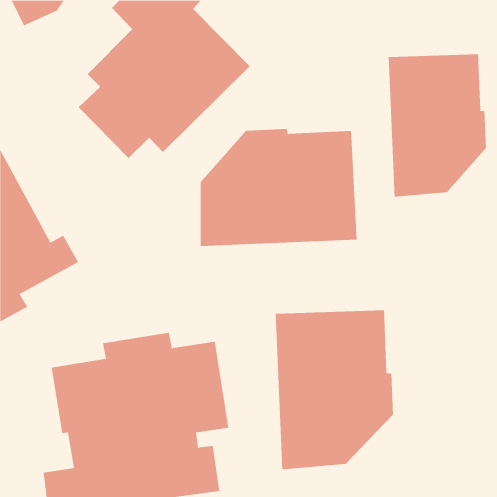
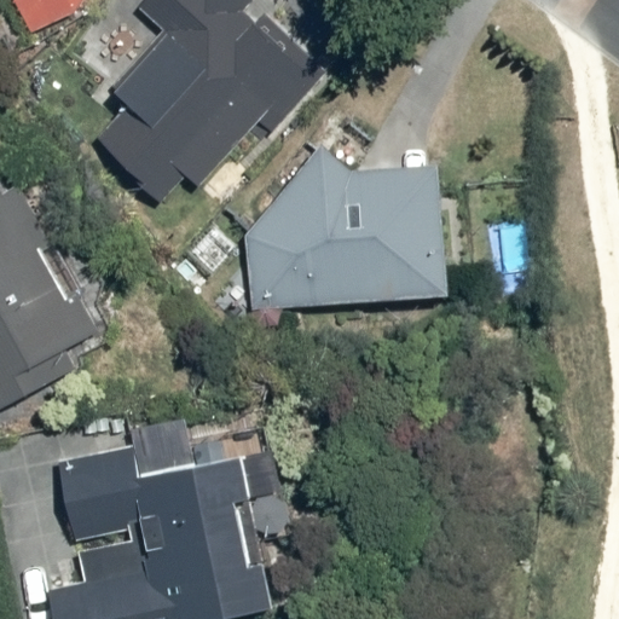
building: [388,54,486,197] -> none
building: [275,310,394,470] -> none

